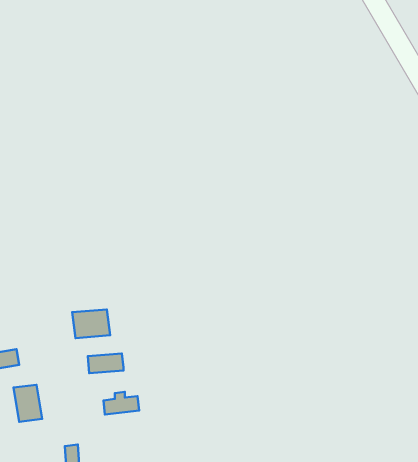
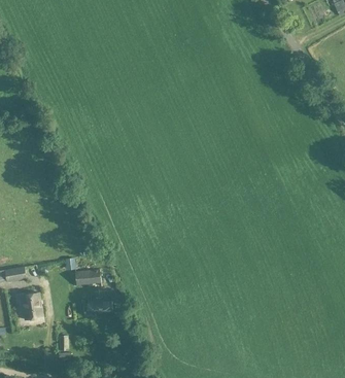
building: [72,309,110,338] -> none

